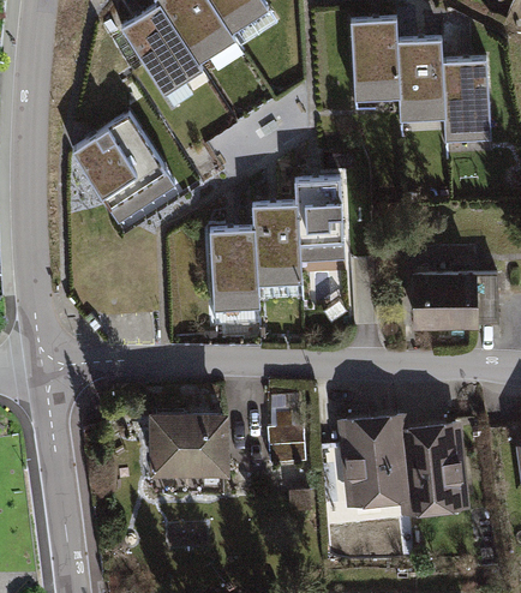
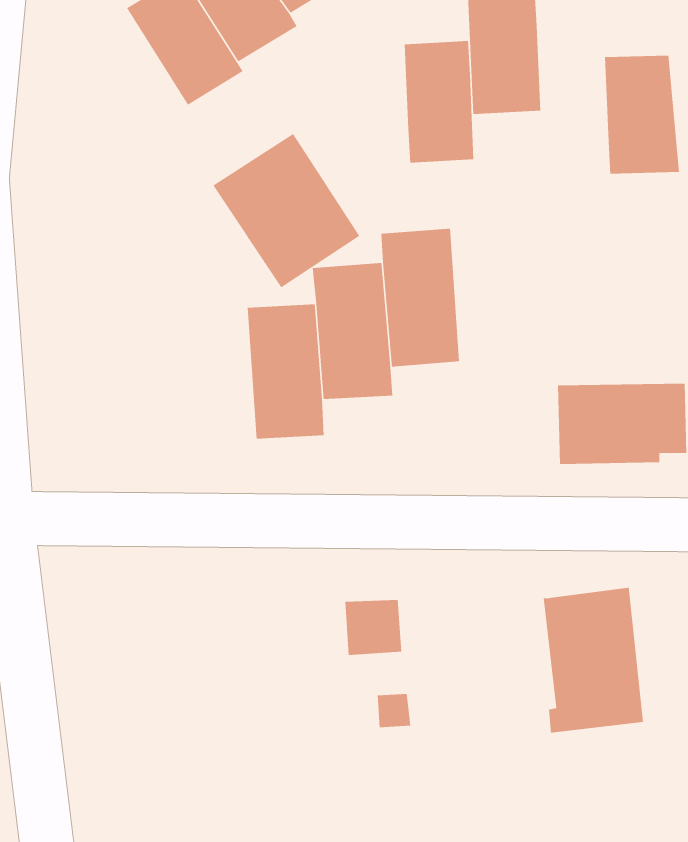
building: [396,40,443,121] -> [404,41,474,163]
building: [76,116,174,220] -> [212,133,360,288]
building: [149,406,227,489] -> none
building: [335,407,408,504] -> none

